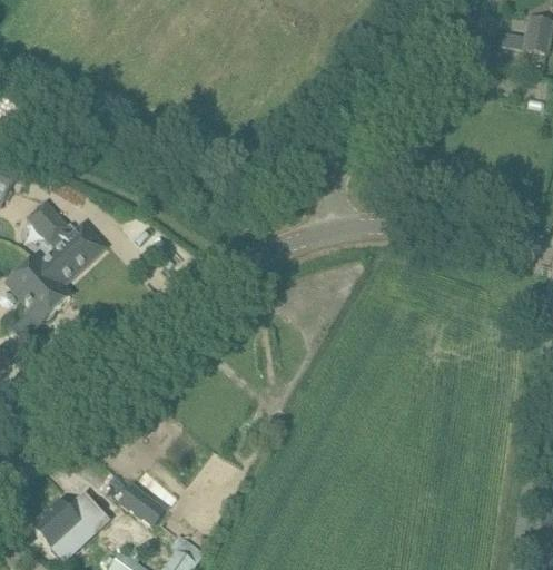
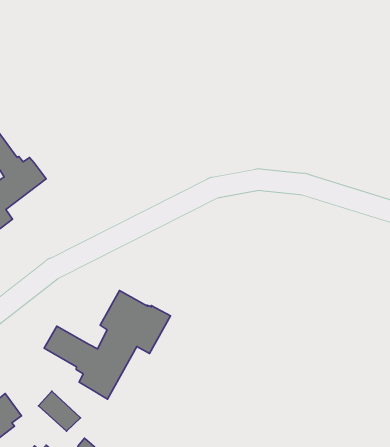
building: none -> [44,290,171,399]

